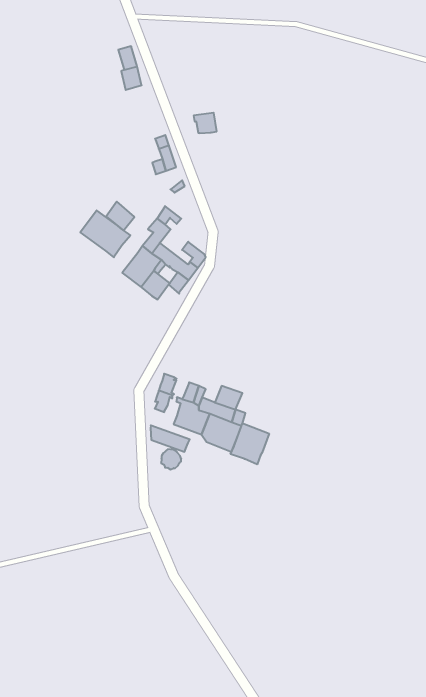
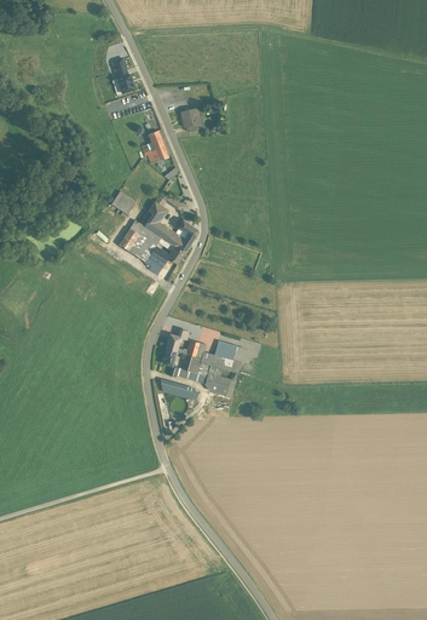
building: [80,210,130,257] -> none
building: [231,423,269,464] -> none

